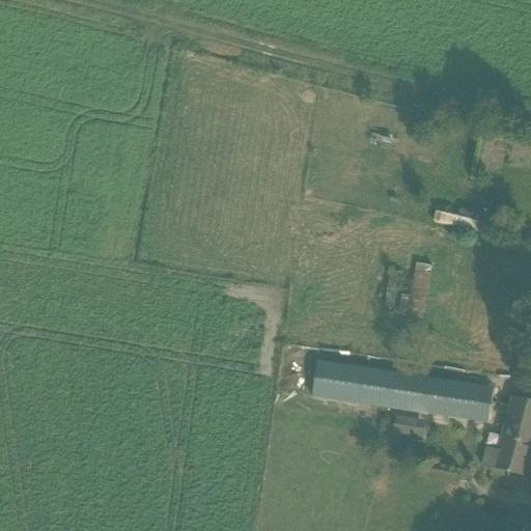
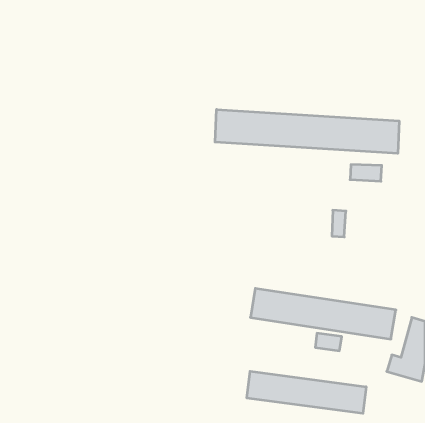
building: none -> [215,109,399,153]
building: none -> [247,371,366,413]

